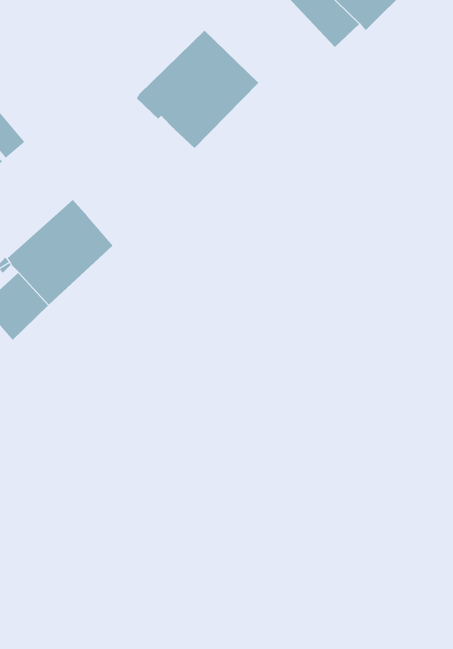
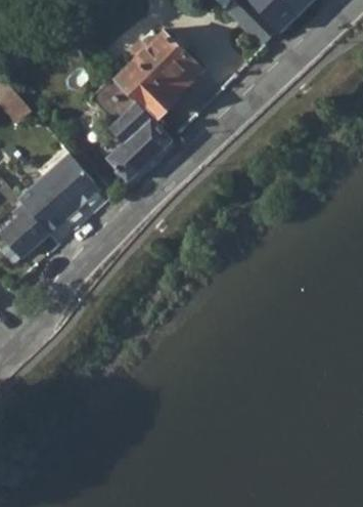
building: none -> [89,77,172,181]

